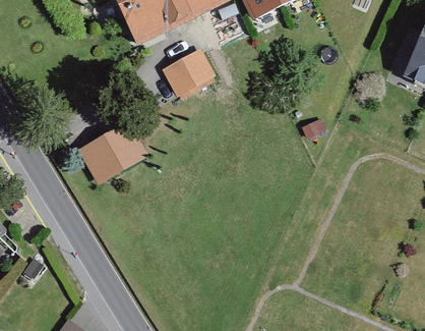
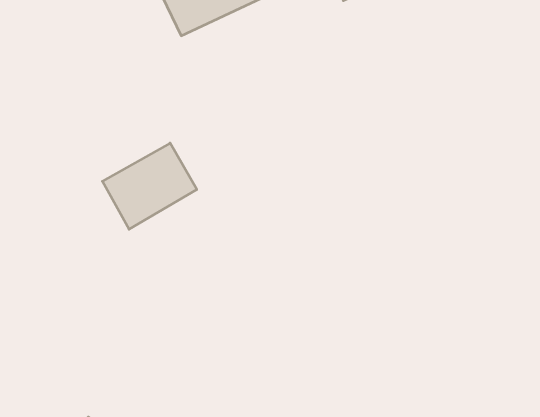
building: [161,47,216,96] -> none

